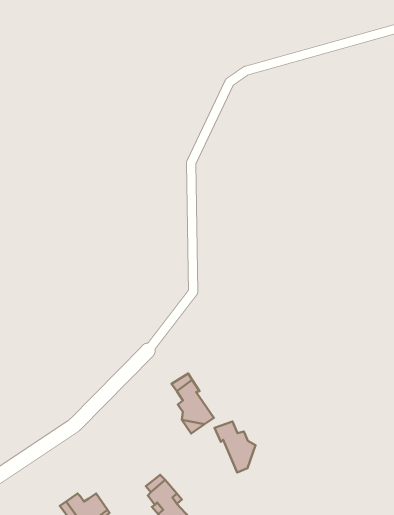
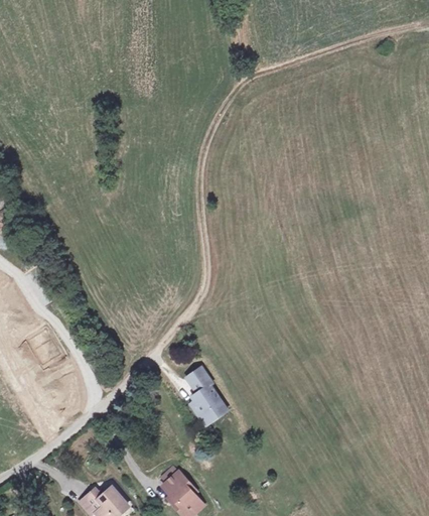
building: [214,422,256,472] -> none

